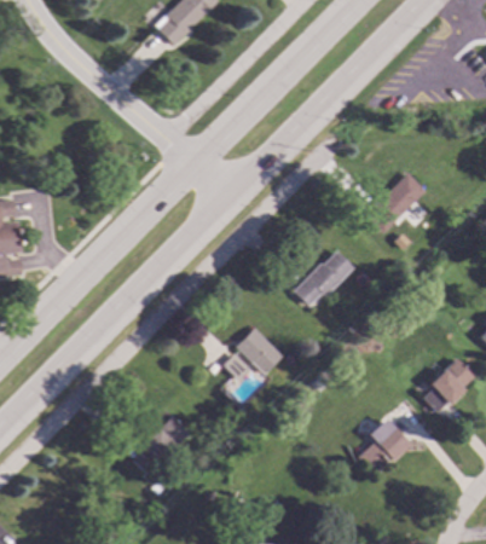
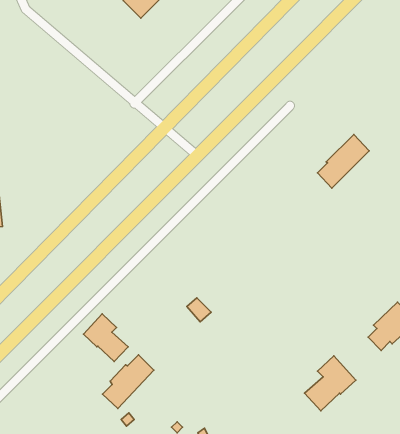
building: [294,250,354,306] -> none
building: [237,328,283,374] -> none
building: none -> [83,314,128,362]

